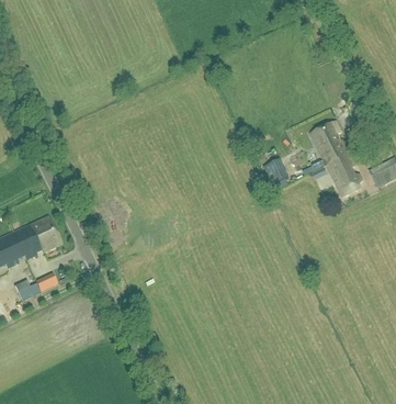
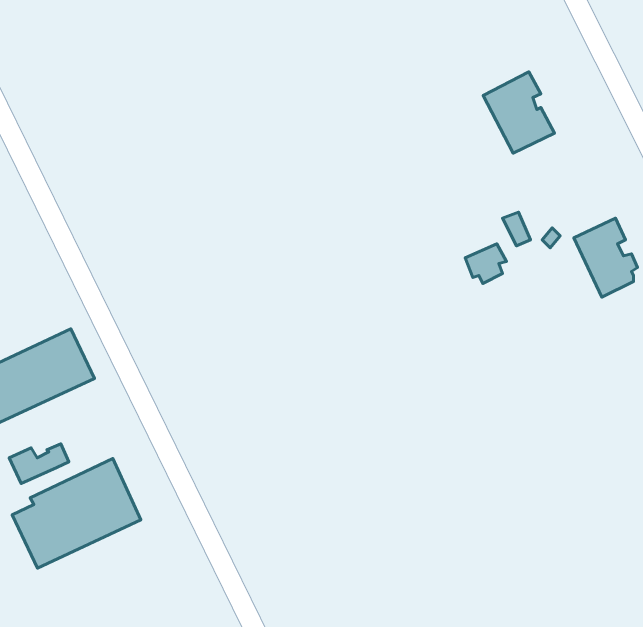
building: [310,119,350,164] -> [483,72,555,153]
building: none -> [12,458,141,568]

